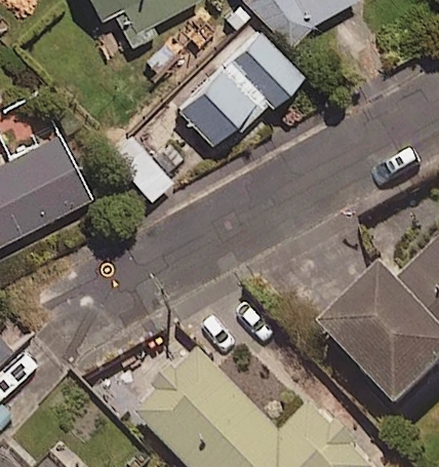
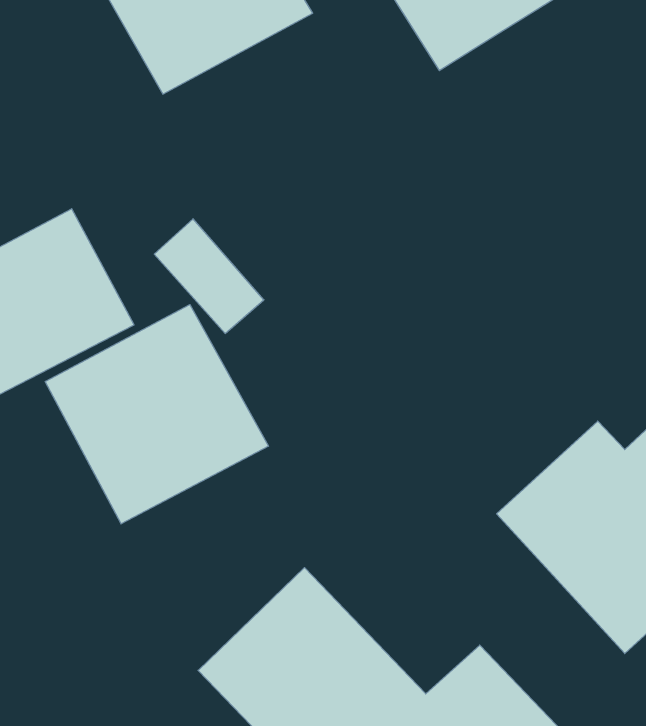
building: [175,36,296,150] -> none
building: none -> [45,305,268,524]

